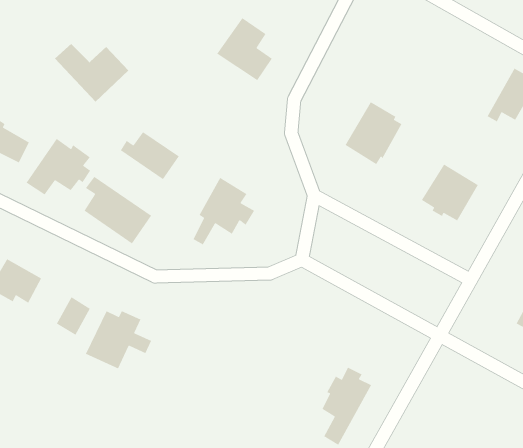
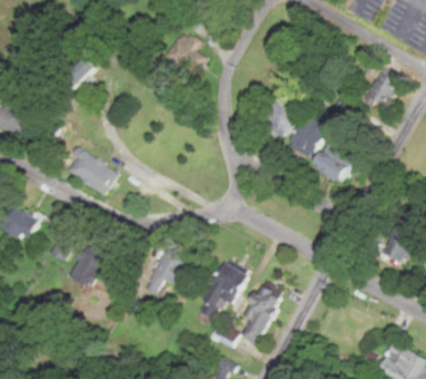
building: [120,131,180,180] -> none
building: none -> [286,115,327,155]
building: [25,138,91,195] -> none
building: [192,177,255,246] -> [145,245,190,295]
building: none -> [198,260,248,319]

